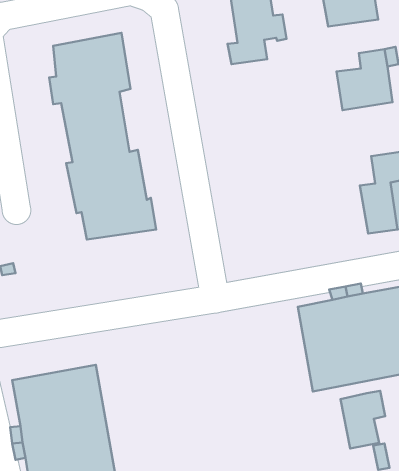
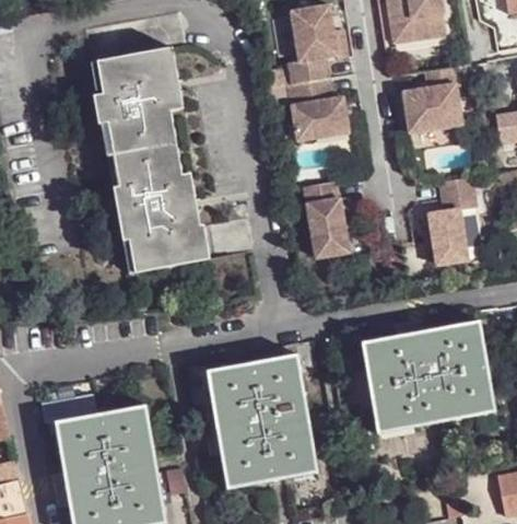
building: none -> [286,77,348,139]
building: none -> [303,181,350,257]
building: none -> [205,354,317,488]
building: [340,391,385,449] -> none

